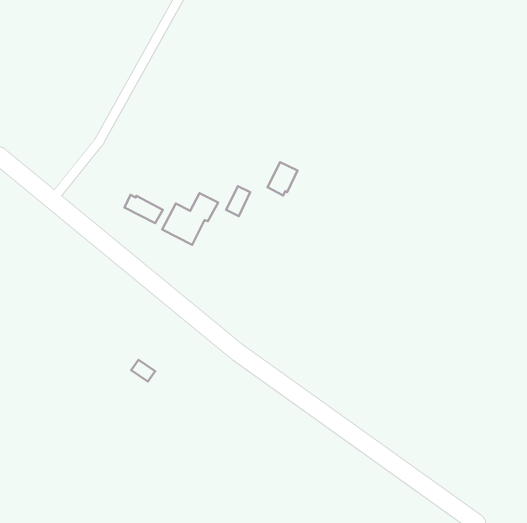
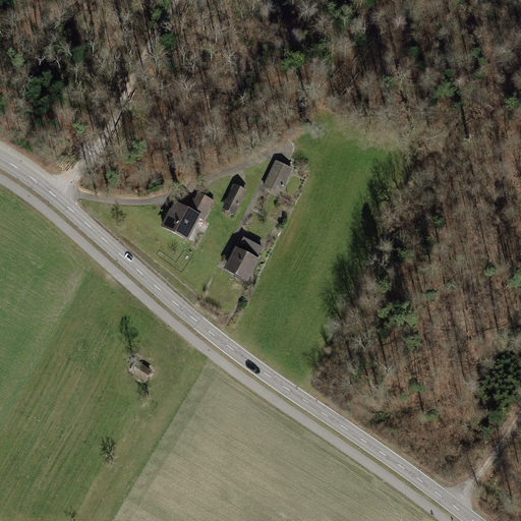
building: [125,195,163,223] -> none
building: none -> [225,237,264,281]

